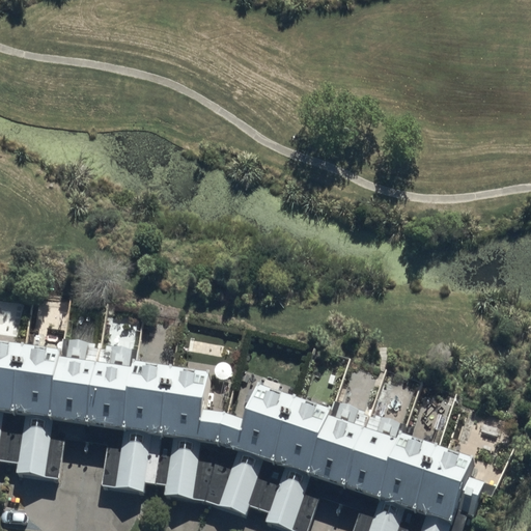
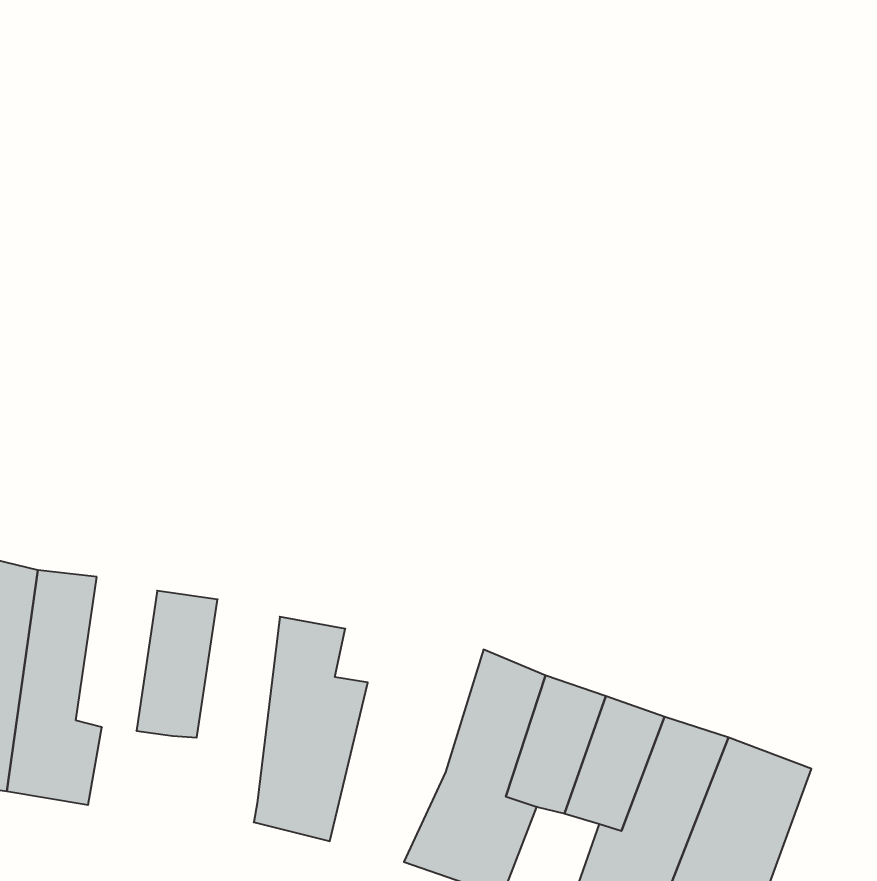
building: [46,347,94,440] -> none
building: [99,355,169,495] -> none
building: [198,379,290,519] -> none

